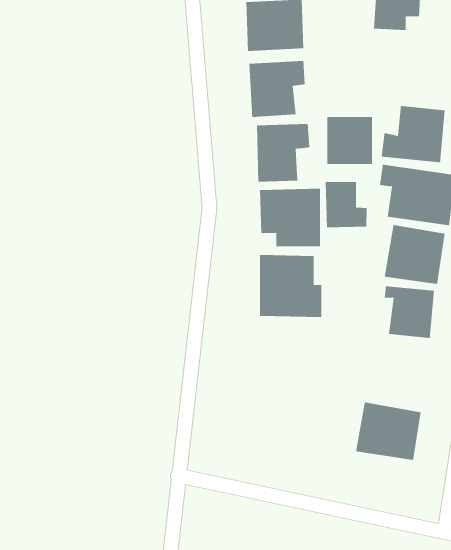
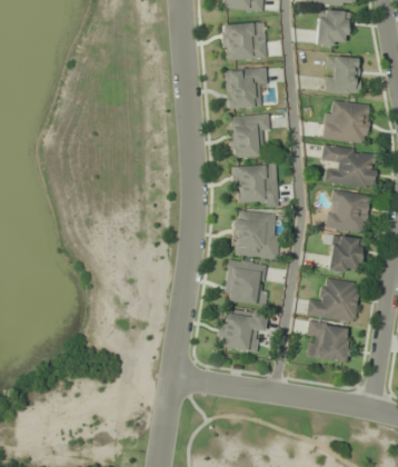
building: [326,116,373,165] -> [327,58,361,93]
building: [325,181,367,228] -> none
building: none -> [225,260,268,305]
building: none -> [307,278,360,322]
building: none -> [219,309,263,352]

